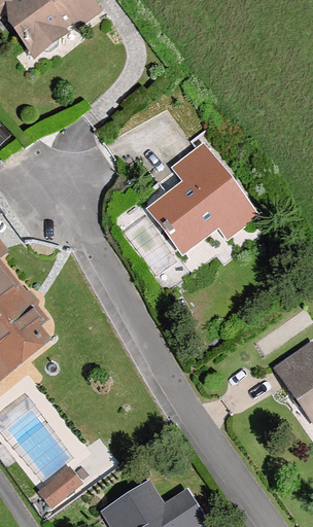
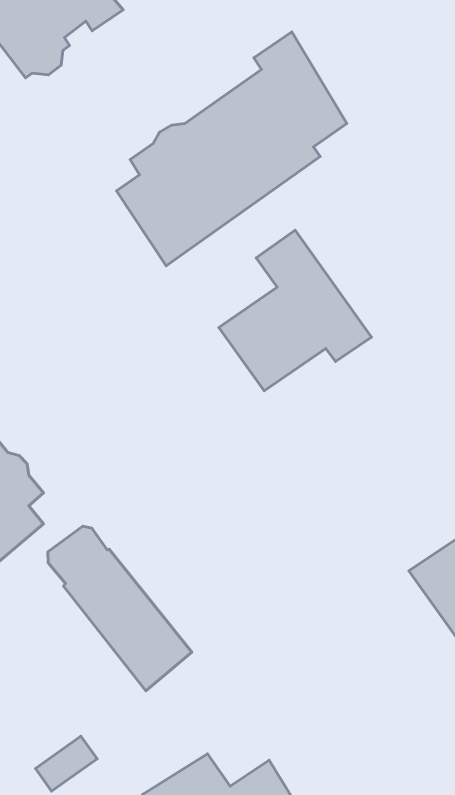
building: none -> [117,32,347,266]
building: none -> [48,526,192,691]

